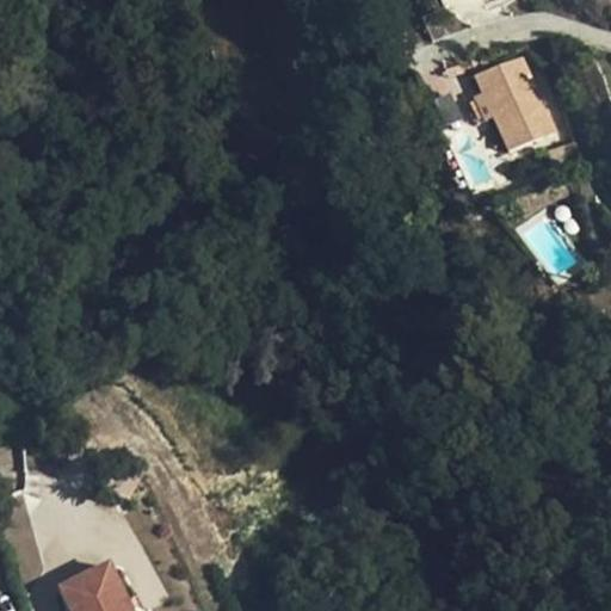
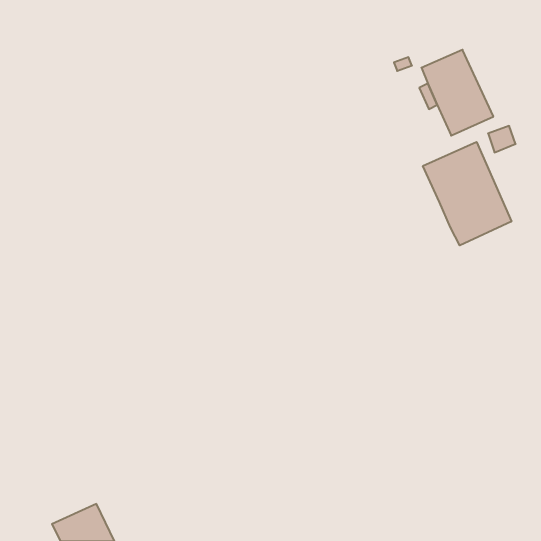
building: none -> [423,142,511,245]

